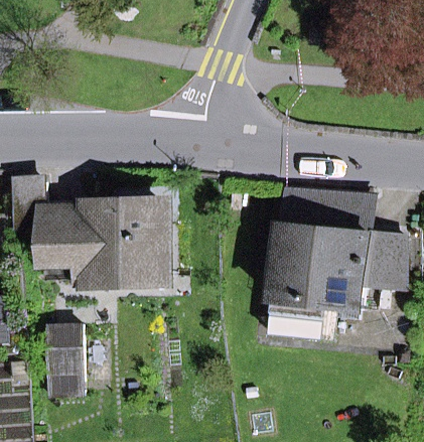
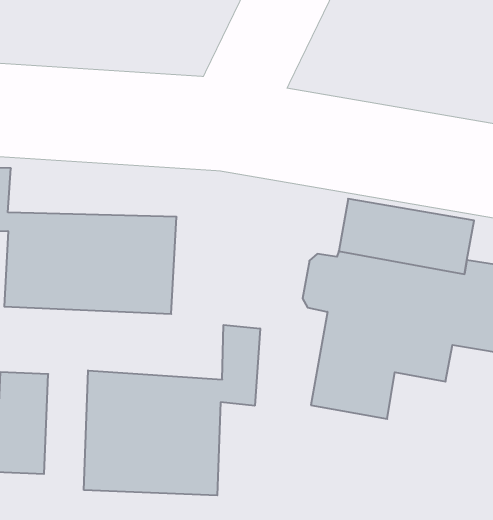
building: none -> [84,325,260,495]

